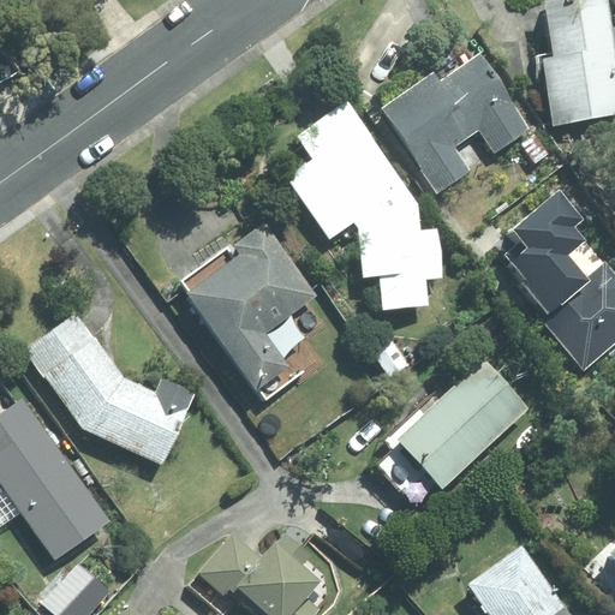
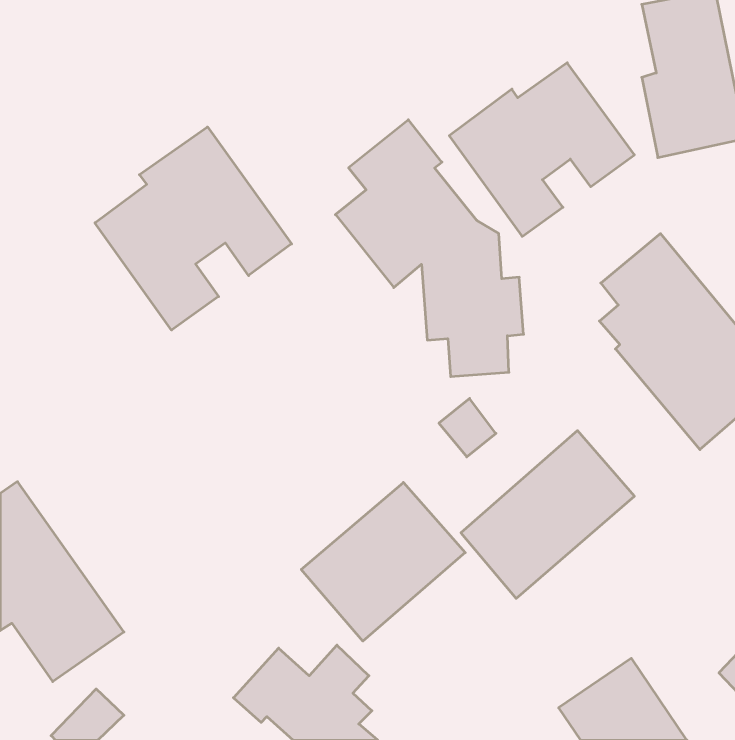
building: none -> [95,127,292,330]
building: [183,231,330,399] -> none
building: [26,314,196,467] -> none
building: none -> [301,482,465,641]

